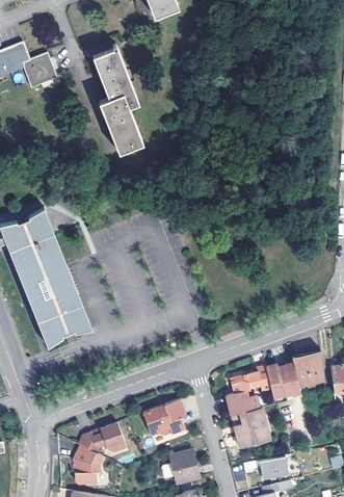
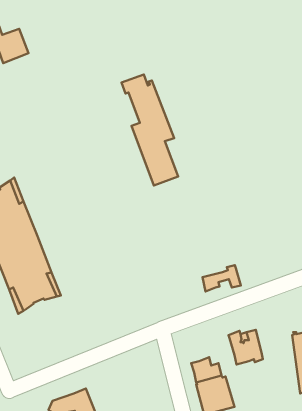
building: [84,37,142,152] -> [121,74,178,186]
building: [289,355,323,388] -> none
building: [230,368,269,395] -> [202,265,241,291]
building: [141,400,185,436] -> none

